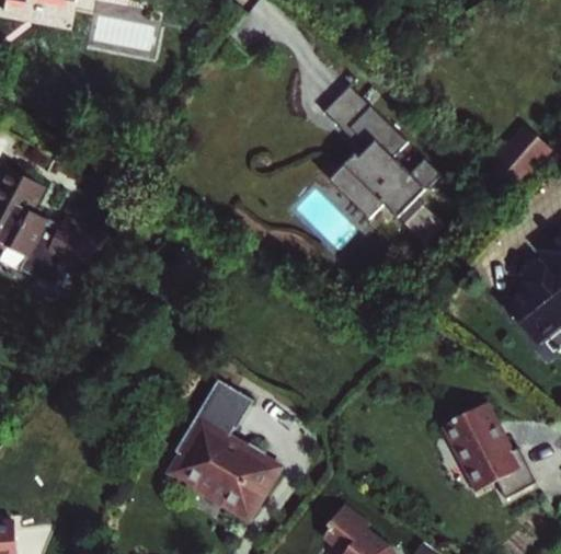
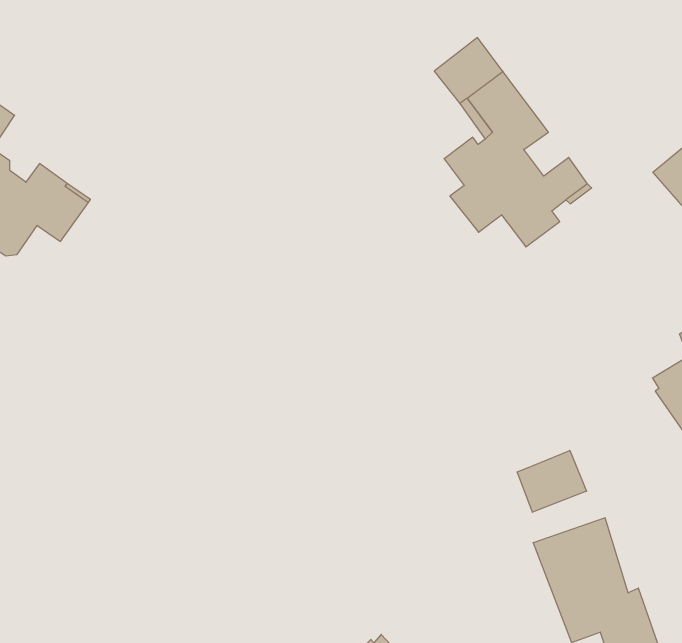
building: none -> [517,450,587,512]
building: [171,379,275,517] -> none

